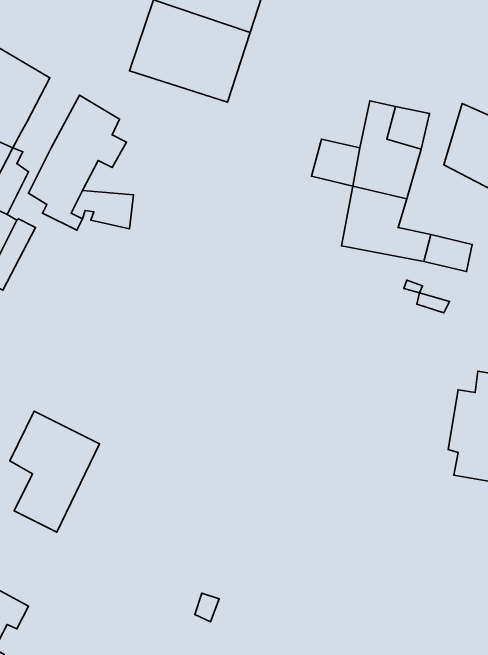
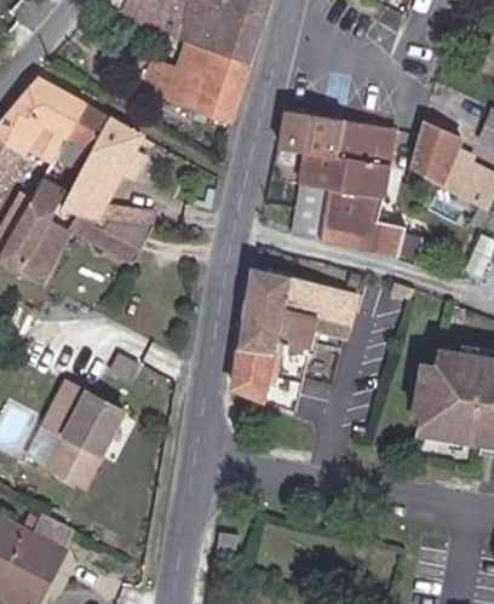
building: none -> [52,99,102,159]
building: none -> [281,107,349,159]
building: none -> [288,183,334,242]
building: none -> [67,214,144,258]
building: none -> [229,271,368,414]

